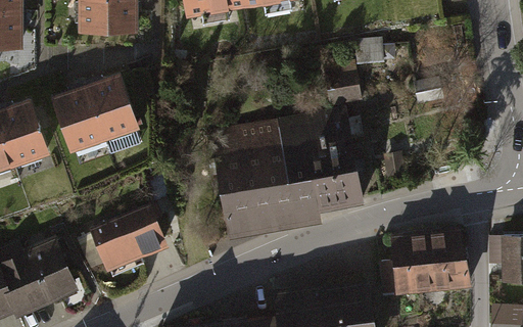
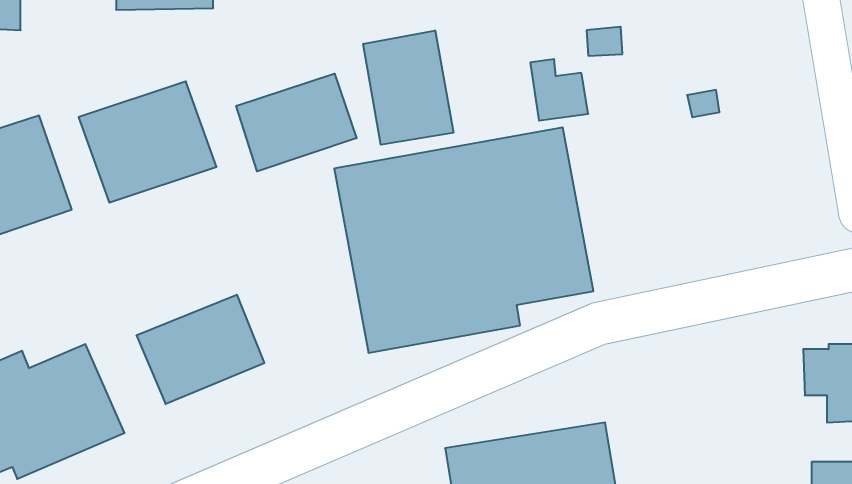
building: none -> [363,30,453,145]
building: none -> [236,74,357,171]
building: [391,230,470,298] -> none

